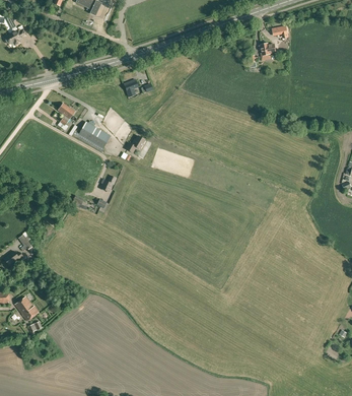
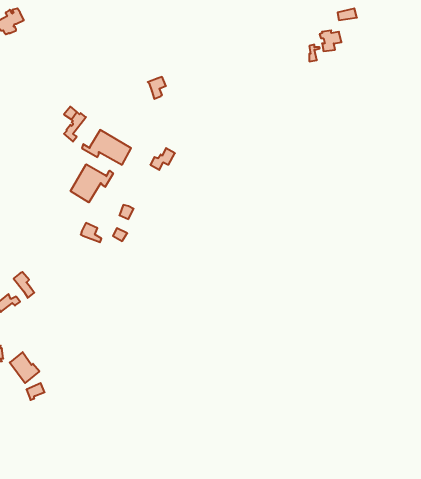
building: none -> [71,164,113,202]

